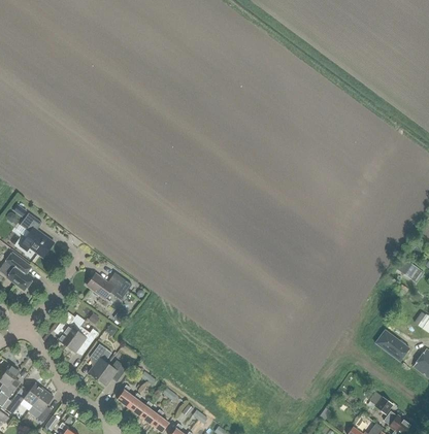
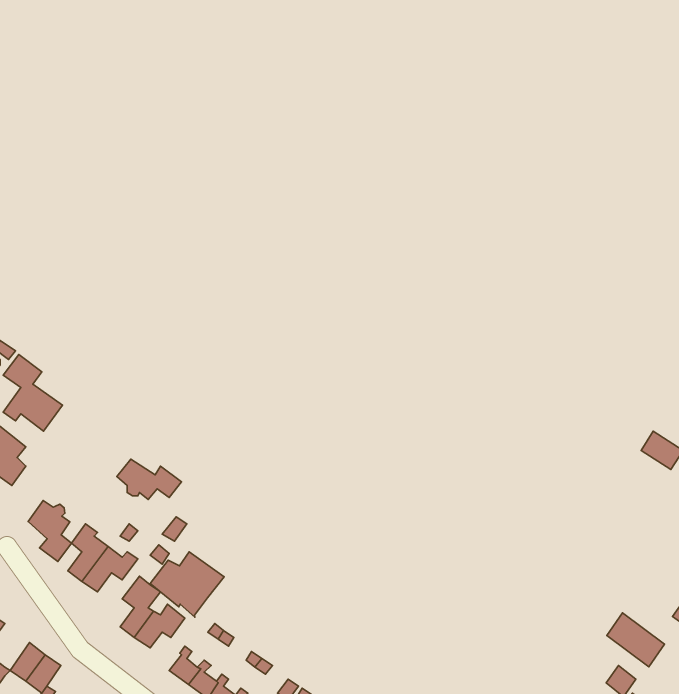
building: none -> [28,501,71,562]
building: none -> [150,552,224,617]
building: [376,330,410,362] -> [607,613,664,667]

